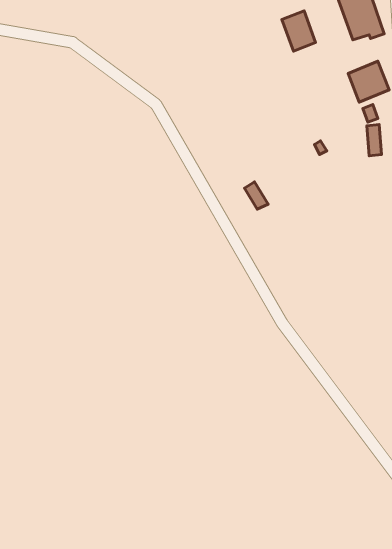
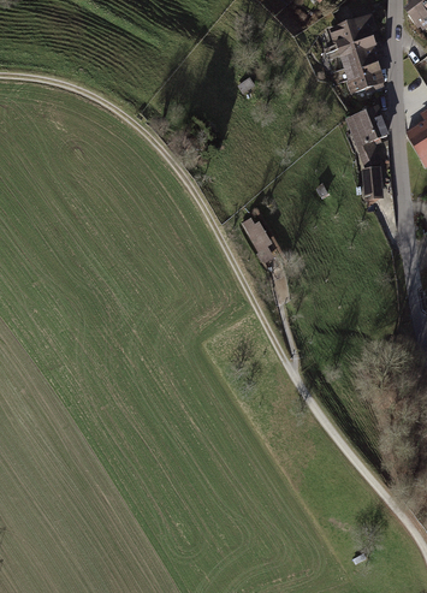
building: [282,11,316,51] -> none

